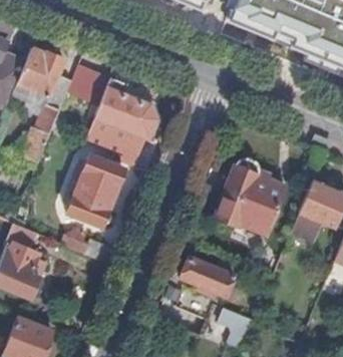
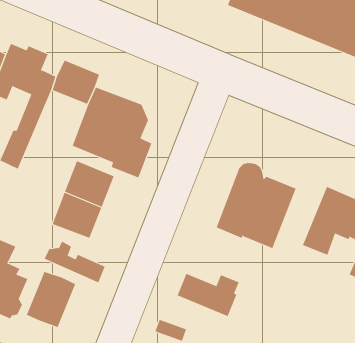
building: none -> [26,271,76,328]

